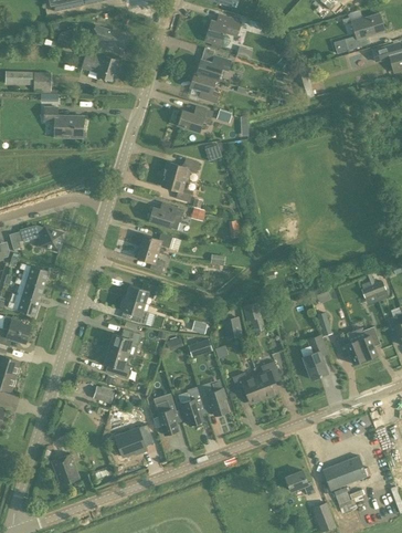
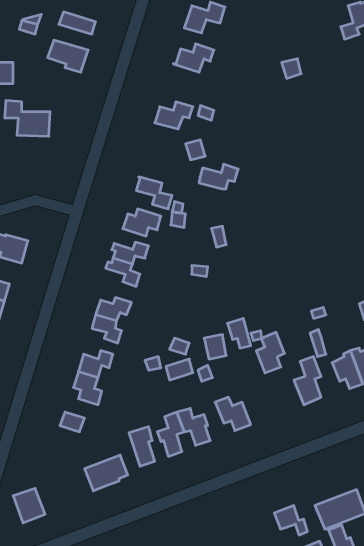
building: [190,73,219,103] -> none
building: [163,158,199,180] -> [199,164,238,189]
building: [256,360,282,397] -> [256,332,285,373]

